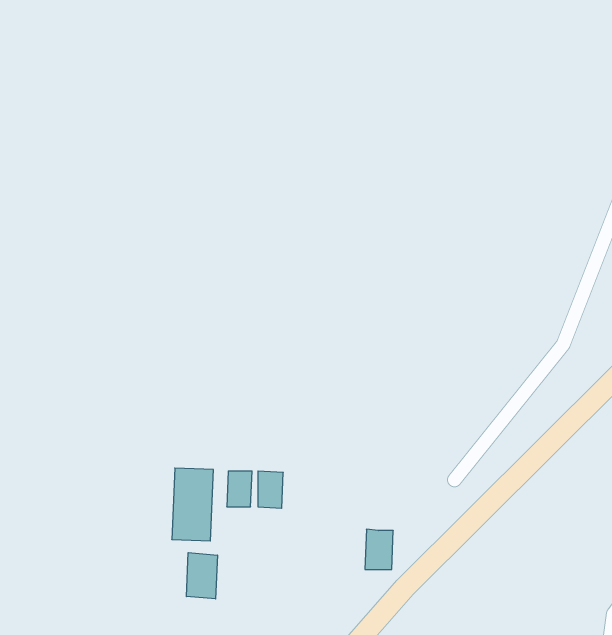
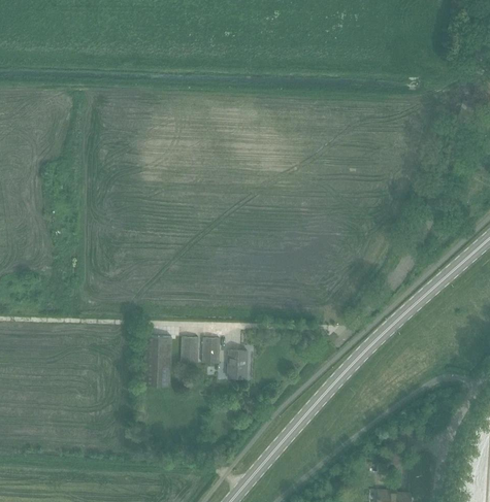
building: [365,529,393,569] -> [227,349,247,377]
building: [186,553,217,599] -> none

